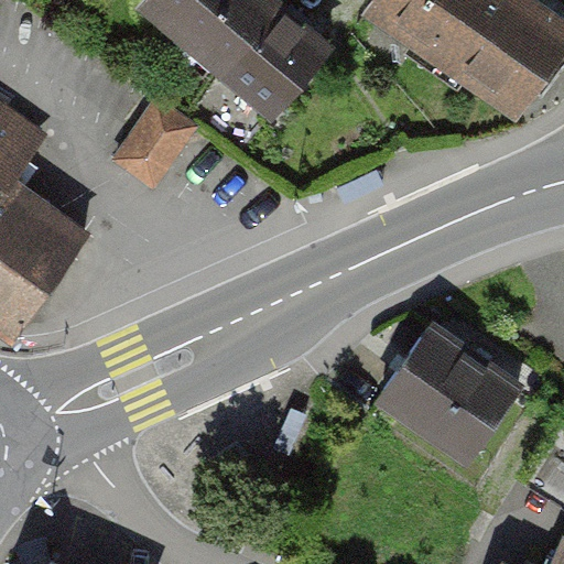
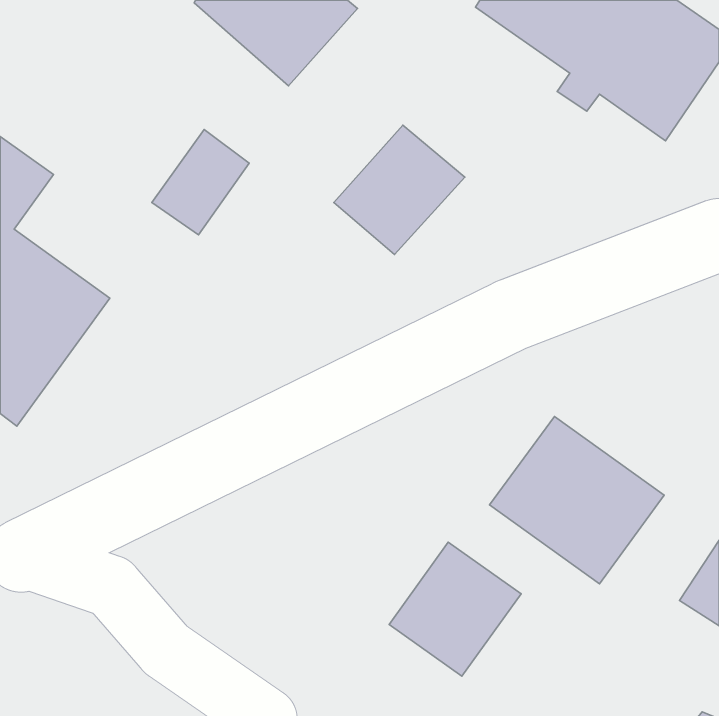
building: [226,9,328,110] -> [334,125,465,255]
building: none -> [389,542,521,676]

